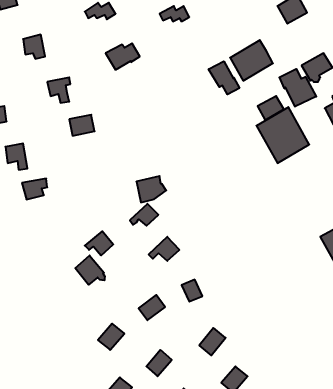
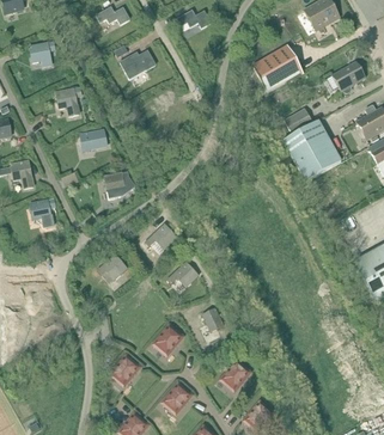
building: [209,61,239,94] -> none
building: [279,69,316,107] -> none
building: [136,176,166,202] -> [103,170,135,198]
building: [75,255,105,285] -> none

